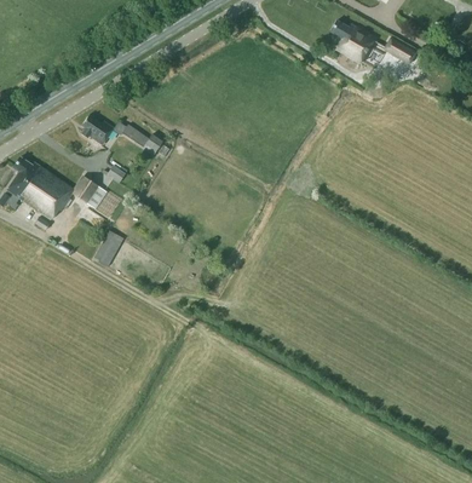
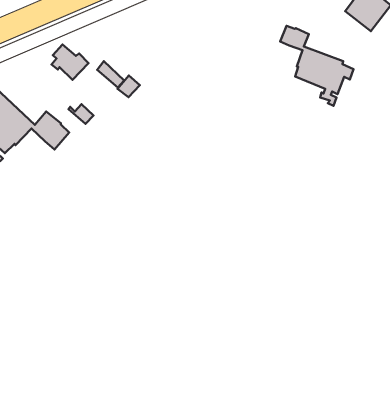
building: none -> [280,26,354,106]
building: [94,229,122,265] -> none

